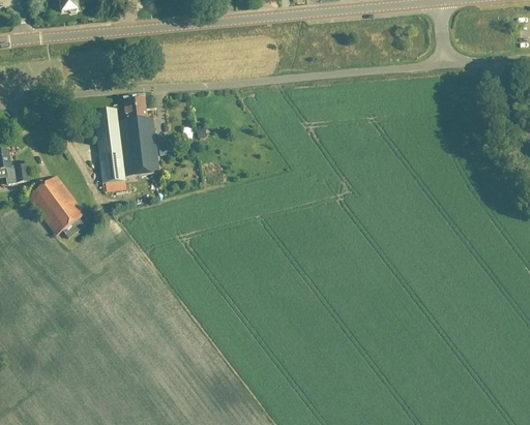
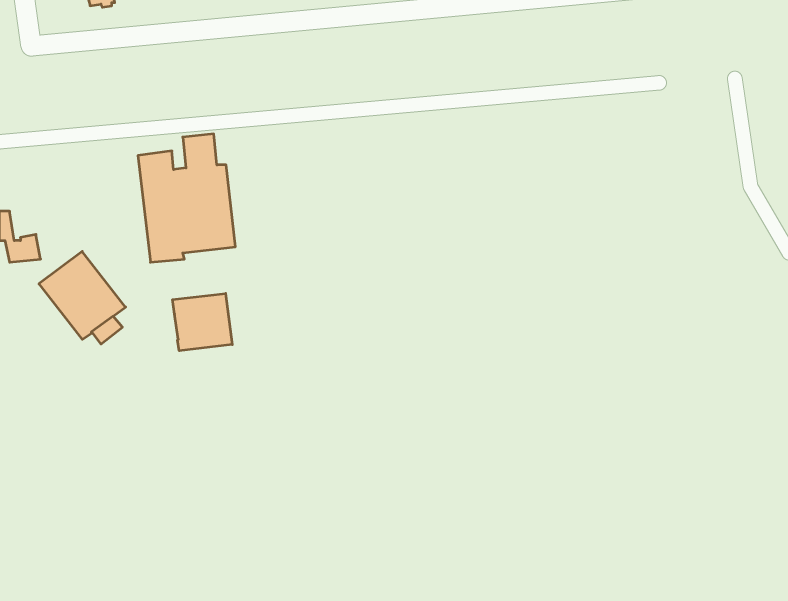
building: none -> [173,293,232,351]

